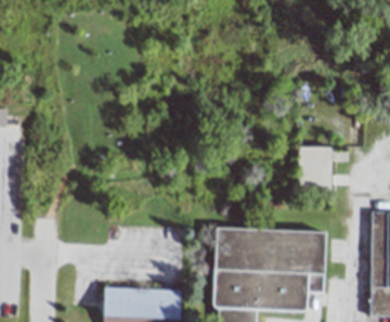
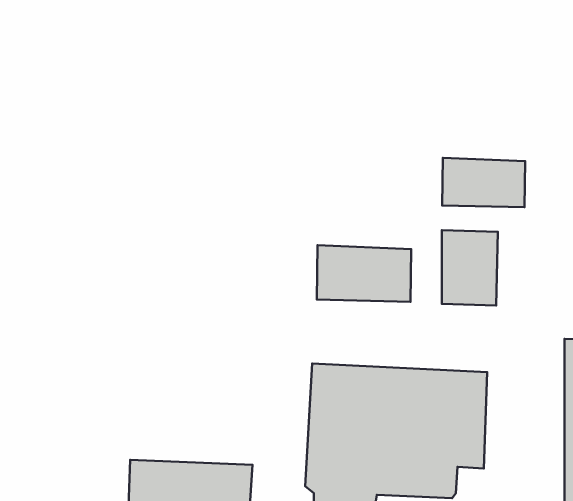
building: none -> [442,158,525,207]
building: none -> [317,245,411,302]

